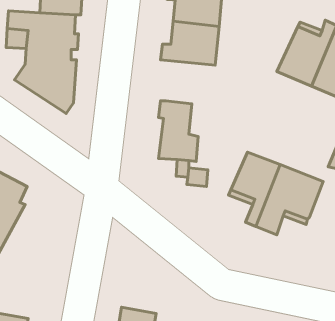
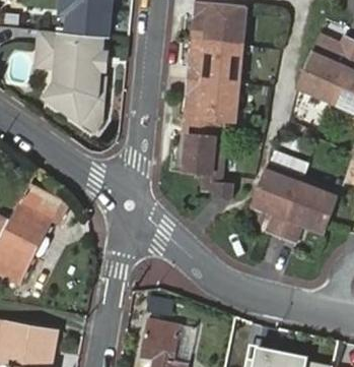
building: none -> [184,78,237,123]

